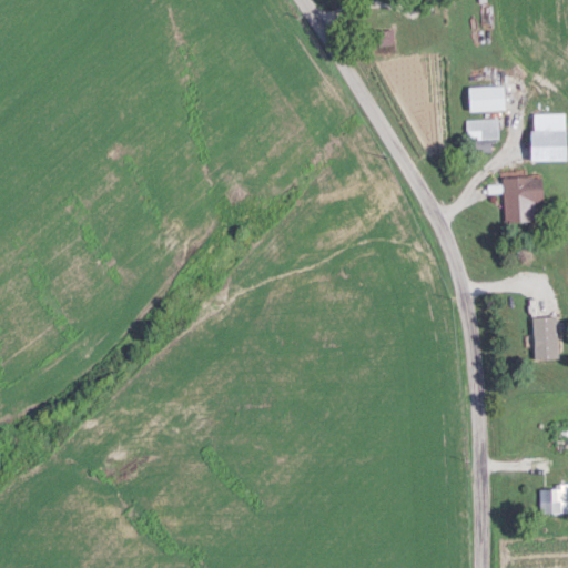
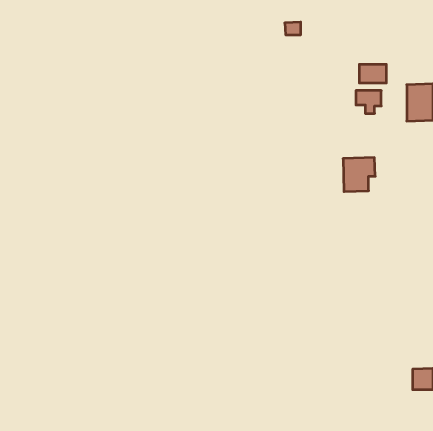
building: [504,178,546,222] -> [343,158,375,192]
building: [534,303,558,361] -> none

